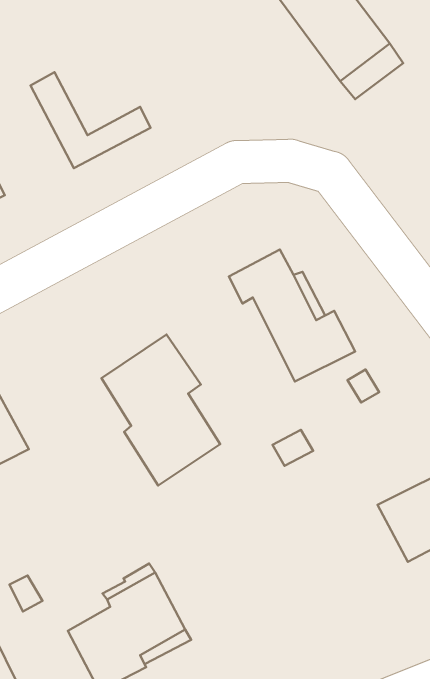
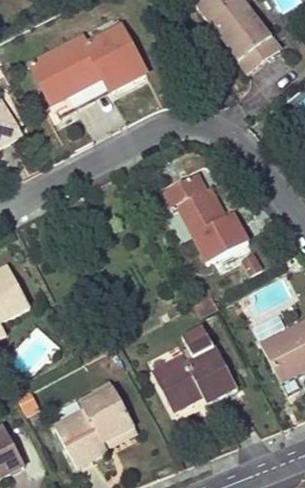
building: none -> [47,24,147,96]
building: [102,334,220,486] -> none
building: none -> [153,324,238,411]

